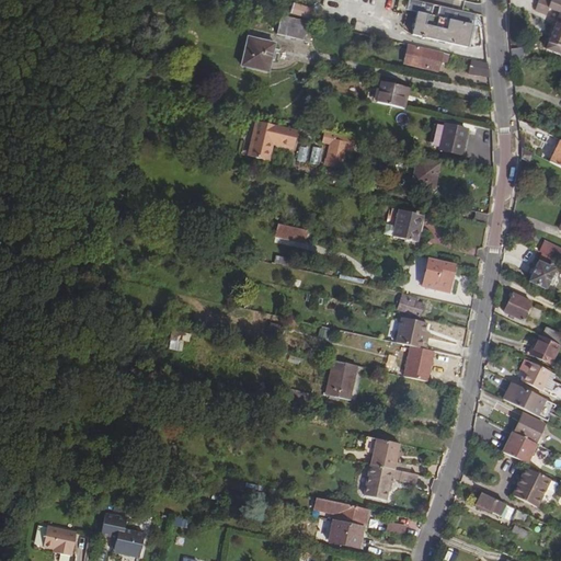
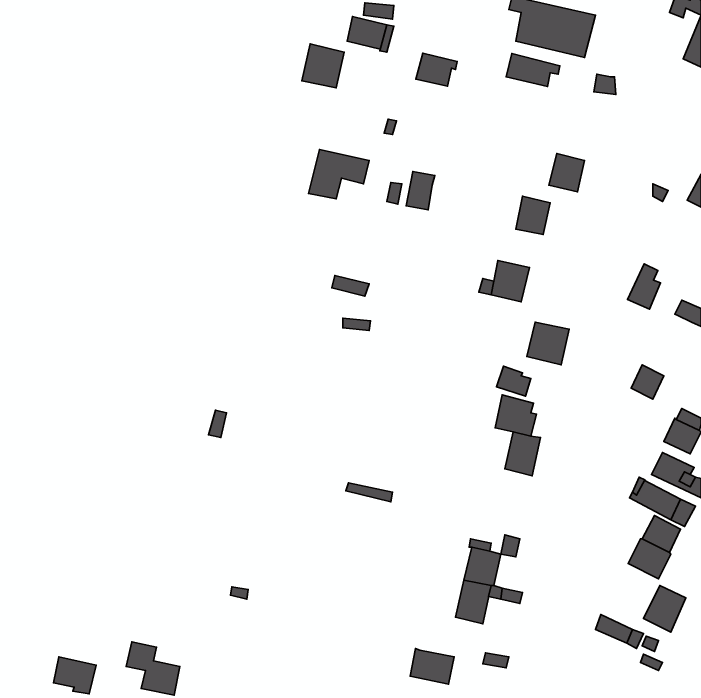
building: [376,80,409,106] -> [416,53,457,86]
building: [528,252,554,288] -> [628,264,660,309]
building: [325,359,357,399] -> none
building: [313,497,370,526] -> none

